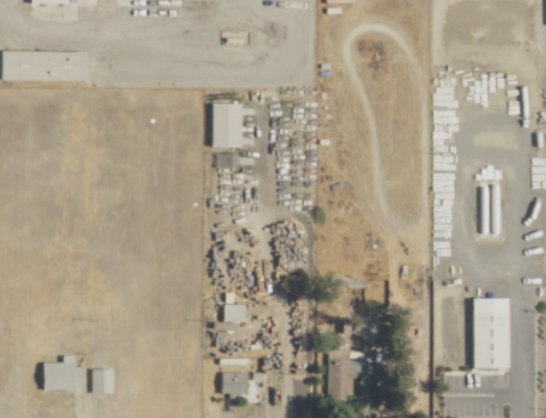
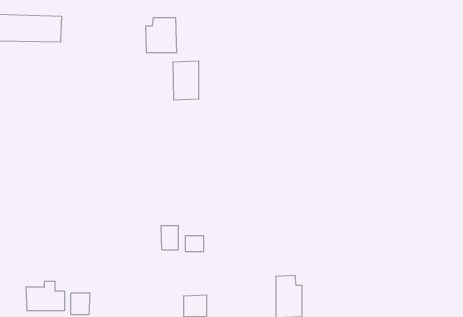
building: none -> [146,17,176,53]
building: none -> [161,225,178,250]
building: [471,297,508,368] -> none

